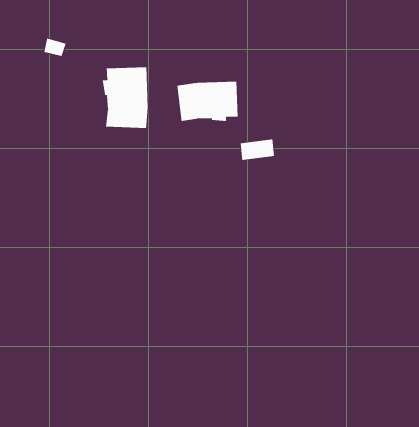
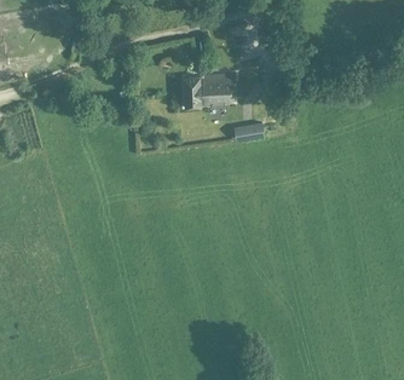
building: [102,66,148,129] -> none

